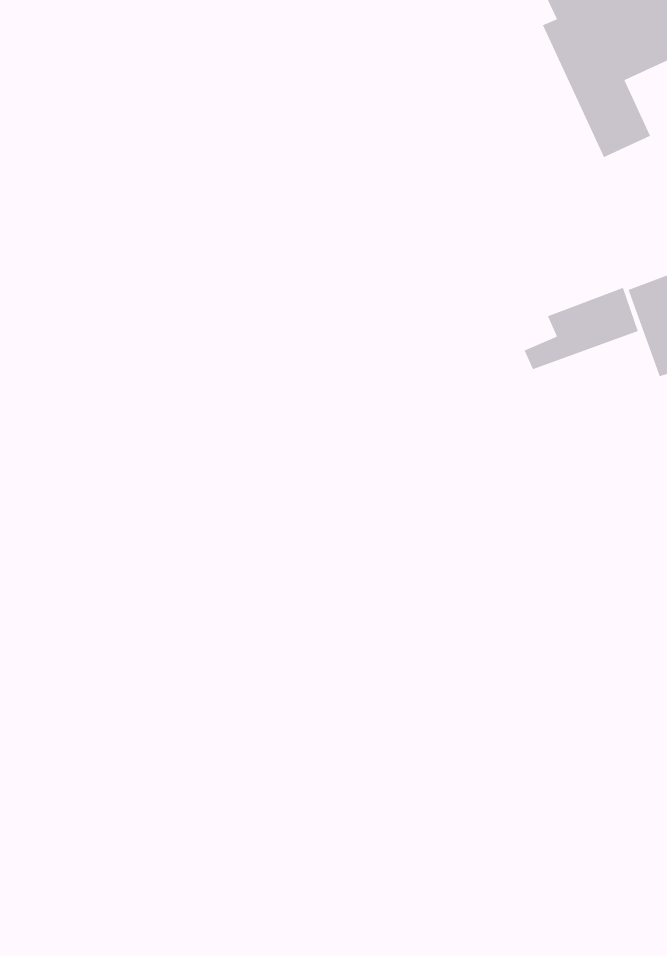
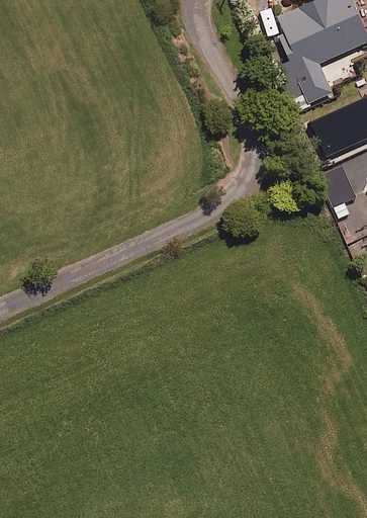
building: [524,287,639,370] -> none

